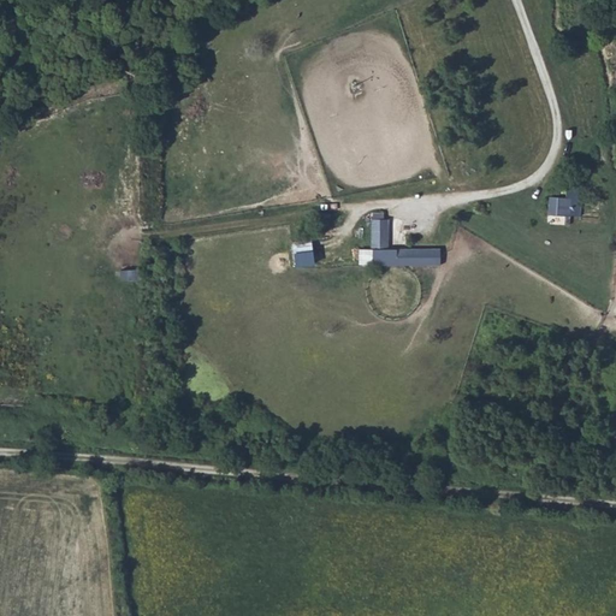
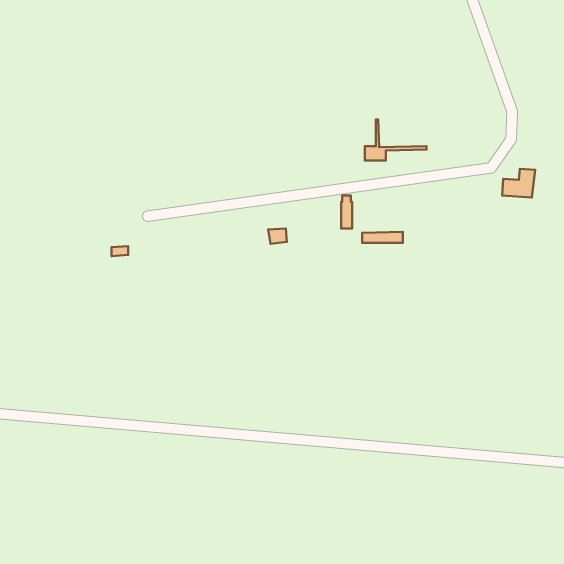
building: [372,220,439,265] -> [365,120,427,160]

